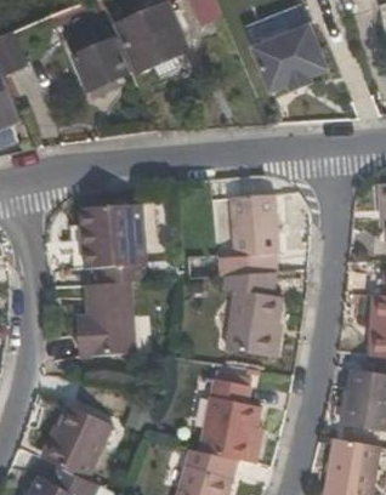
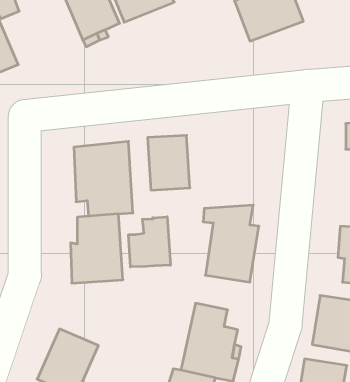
building: [231,195,277,255] -> [148,135,190,190]
building: none -> [129,217,170,267]

